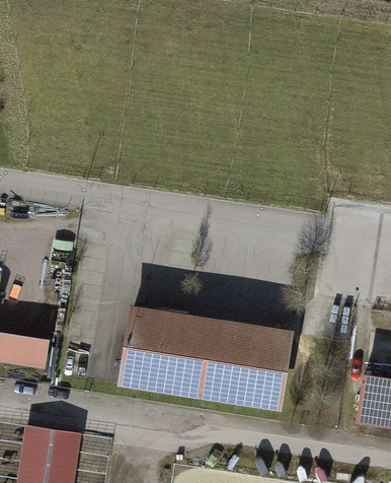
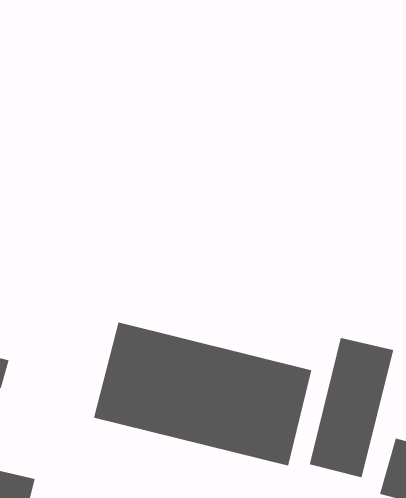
building: none -> [309,337,394,478]

